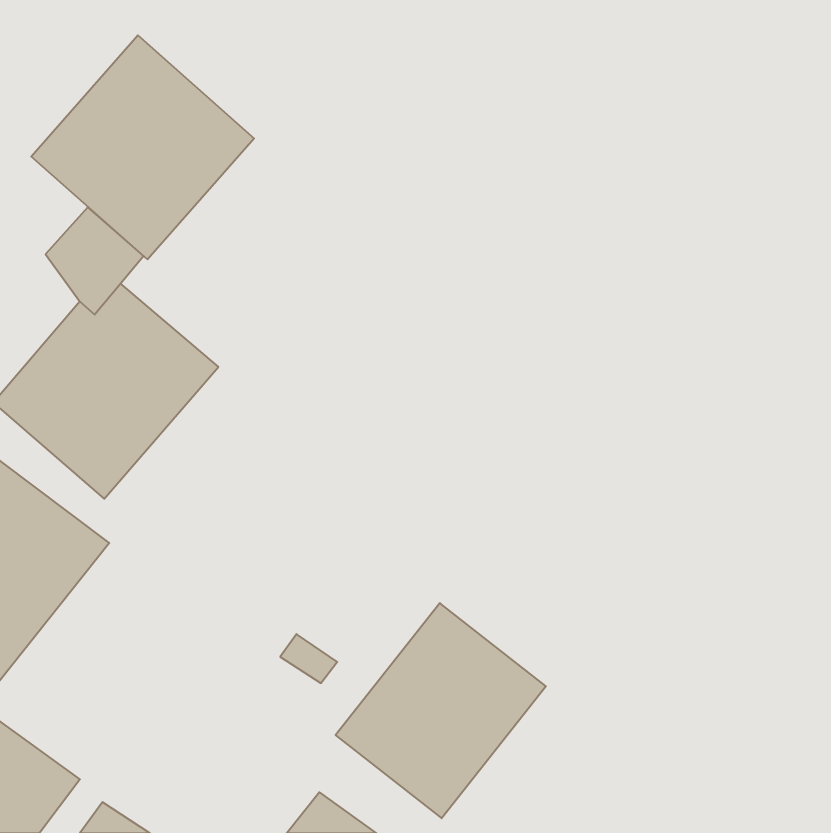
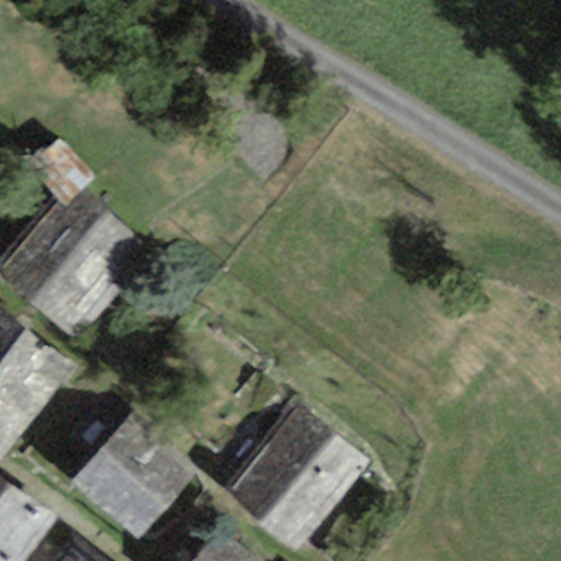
building: [31,35,254,259] -> none
building: none -> [66,413,190,539]

